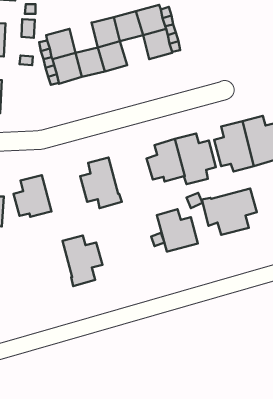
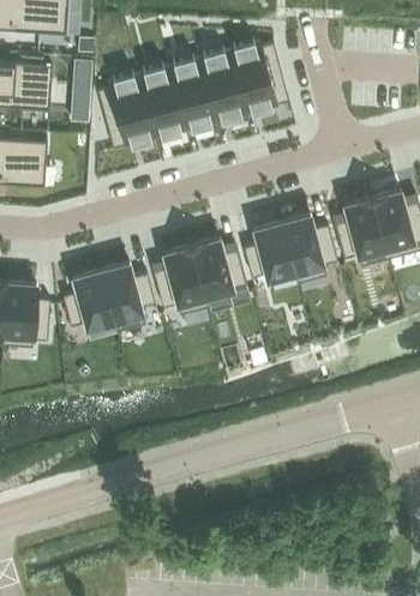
building: none -> [138,64,176,104]
building: none -> [206,80,246,121]
building: [202,188,257,235] -> none
building: [157,209,198,252] -> [191,237,246,295]
building: [62,235,102,286] -> [101,263,155,331]

